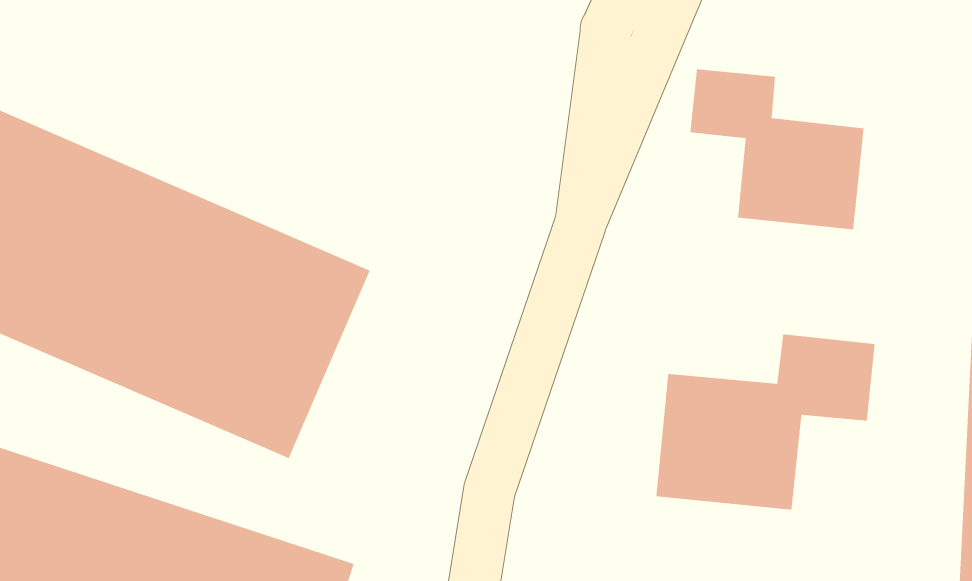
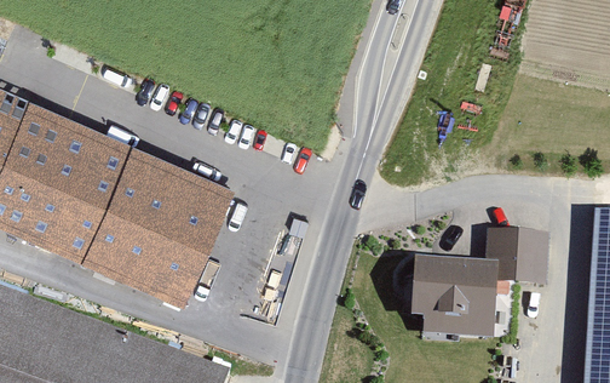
building: [690,68,864,230] -> none

